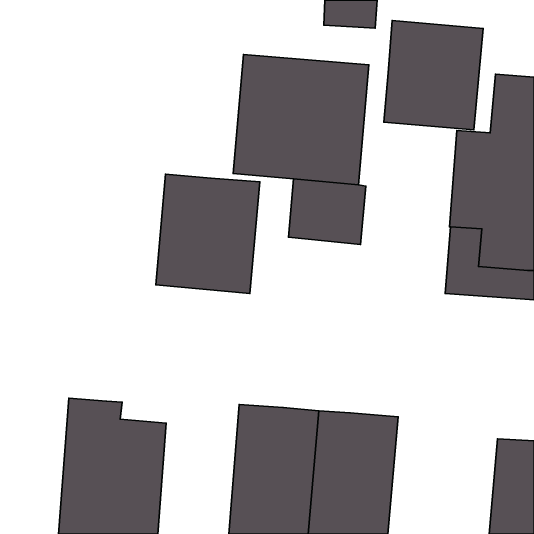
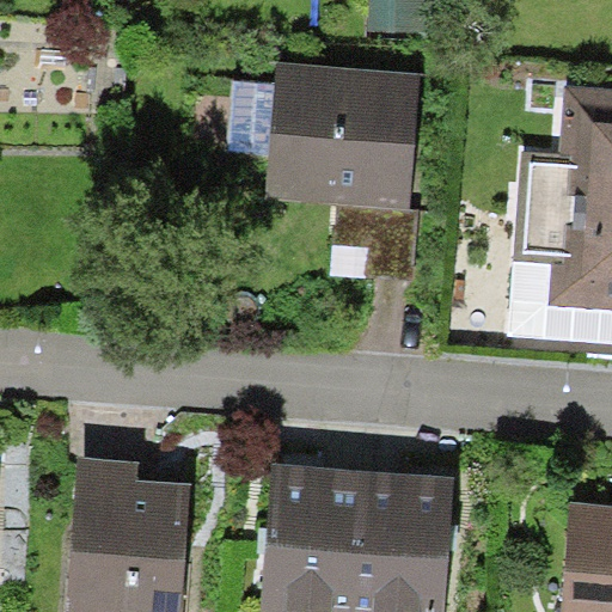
building: [384,20,483,130] -> none
building: [156,174,260,294] -> none

